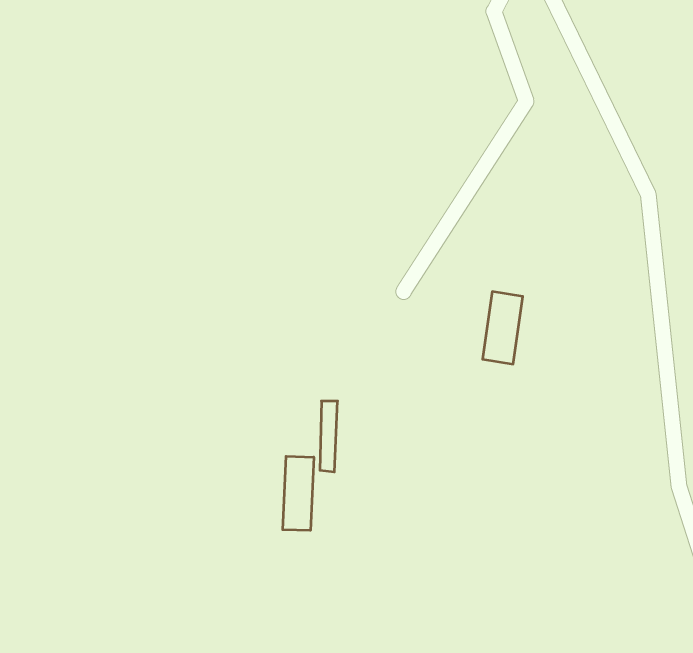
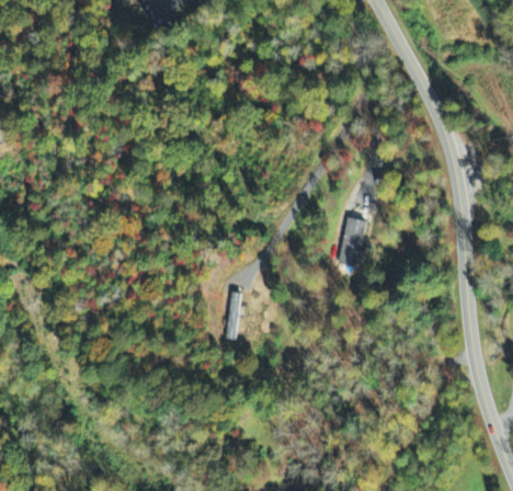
building: [283,456,314,530] -> none

